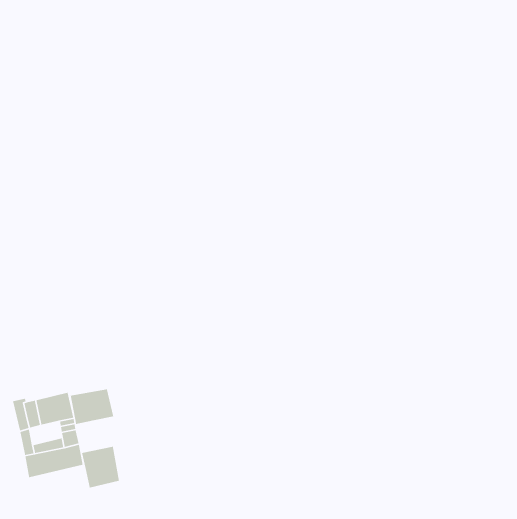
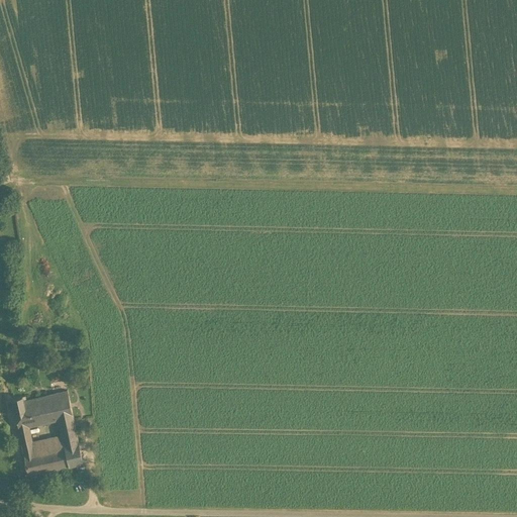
building: [70,388,114,425] -> none
building: [81,446,120,488] -> none

